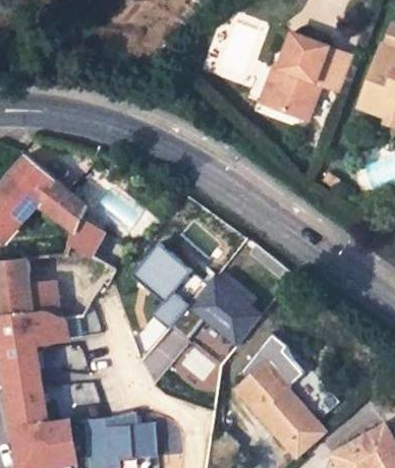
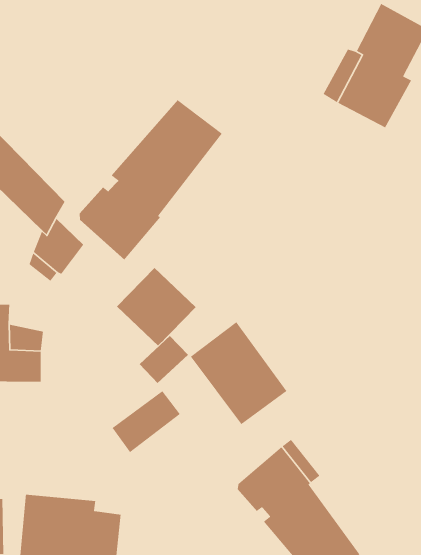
building: none -> [79,99,223,261]

